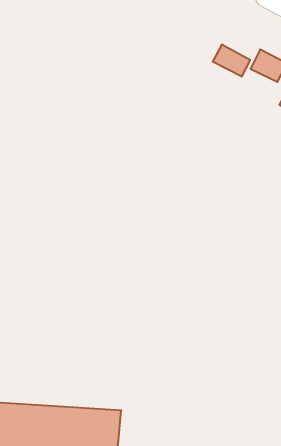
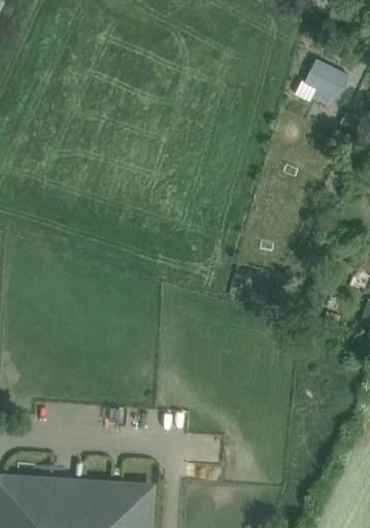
building: [213,44,250,77] -> none

